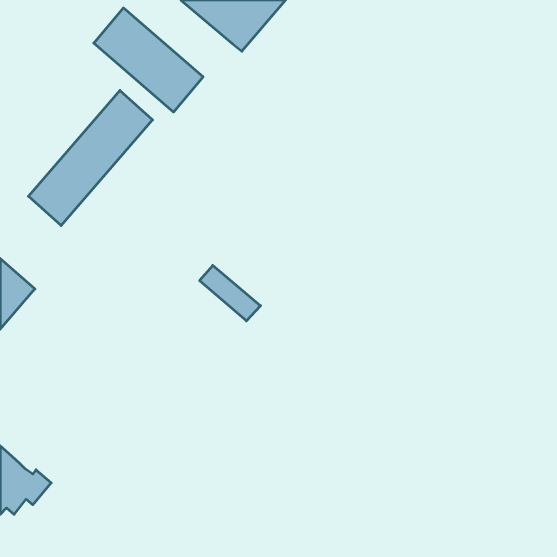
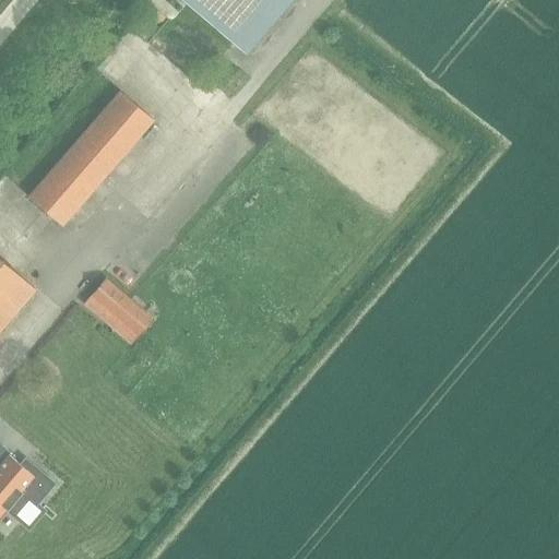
building: [94,8,203,112] -> none
building: [200,265,261,321] -> [93,278,154,334]

